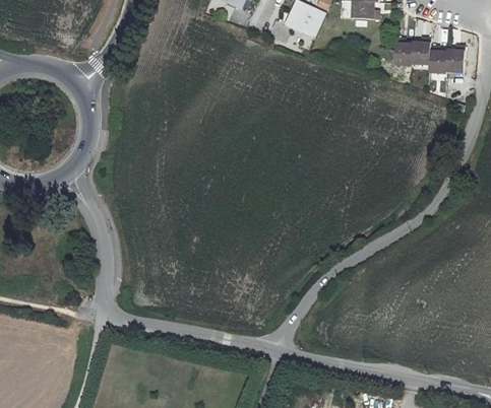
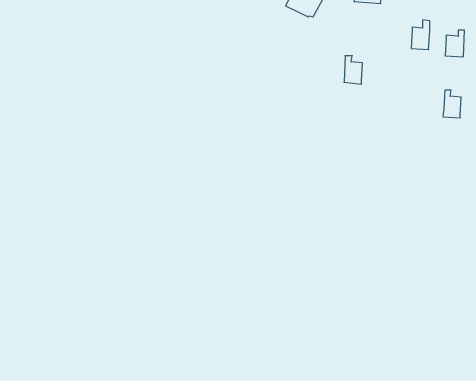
building: [393,39,412,67] -> [344,56,362,84]
building: [427,47,445,74] -> [443,90,461,118]

